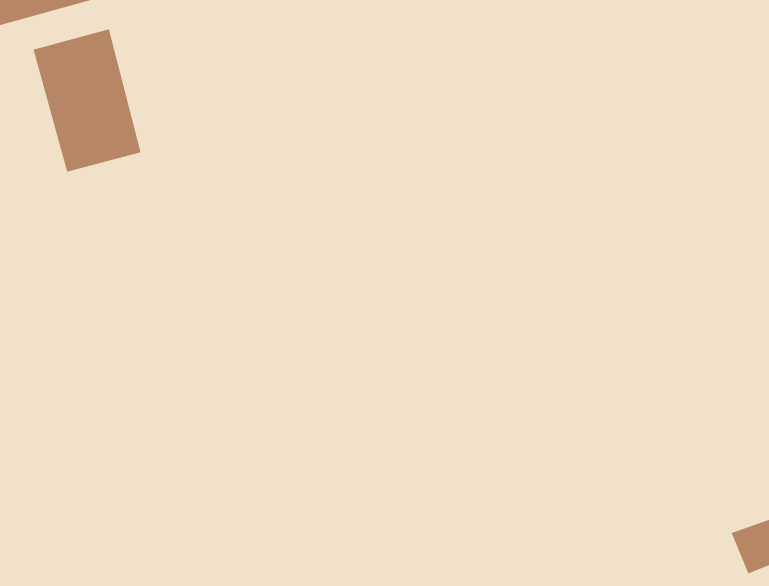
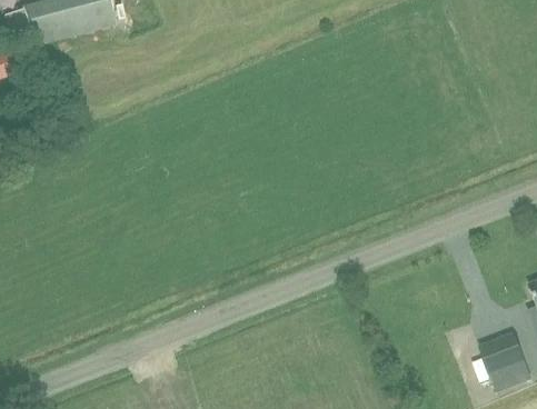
building: [33,29,141,172] -> none

